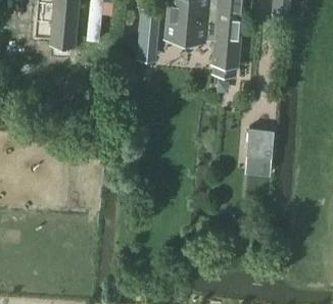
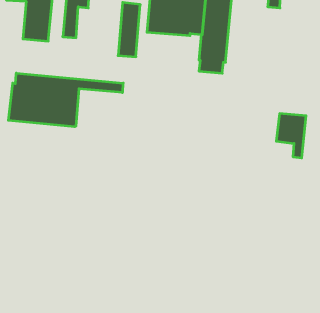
building: none -> [8,73,123,127]
building: [246,133,274,173] -> [276,114,306,158]

